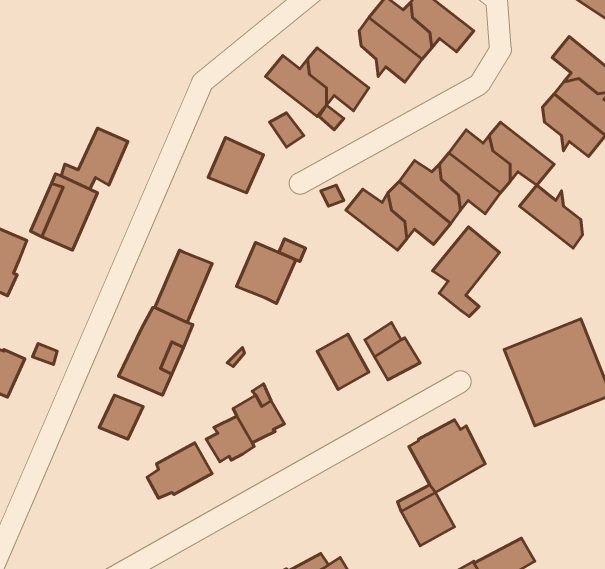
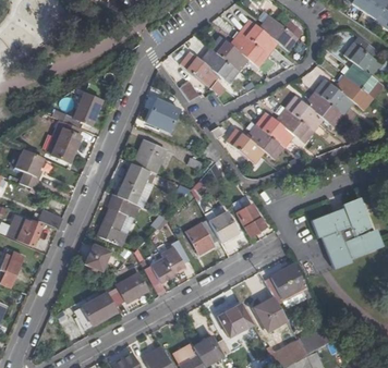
building: none -> [209,35,244,70]
building: [520,185,583,248] -> [314,77,350,113]
building: [432,227,500,317] -> none
building: [236,242,296,304] -> [133,138,167,173]
building: none -> [186,222,214,254]
building: none -> [76,293,119,329]
building: none -> [218,304,254,338]

